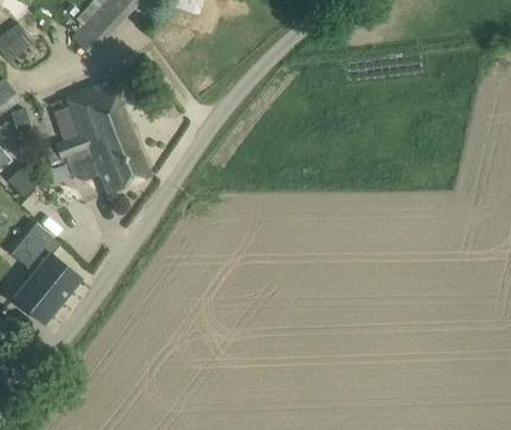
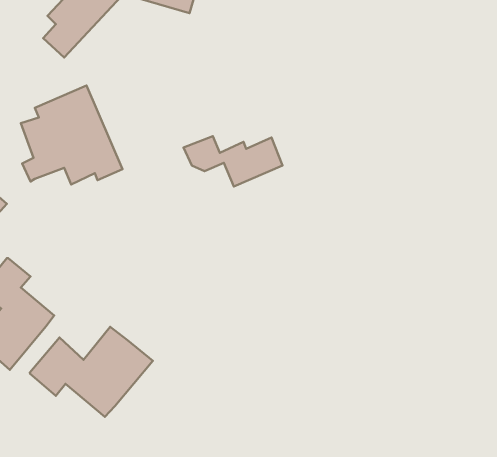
building: [64,149,149,193] -> [183,136,282,186]
building: none -> [30,327,153,417]

